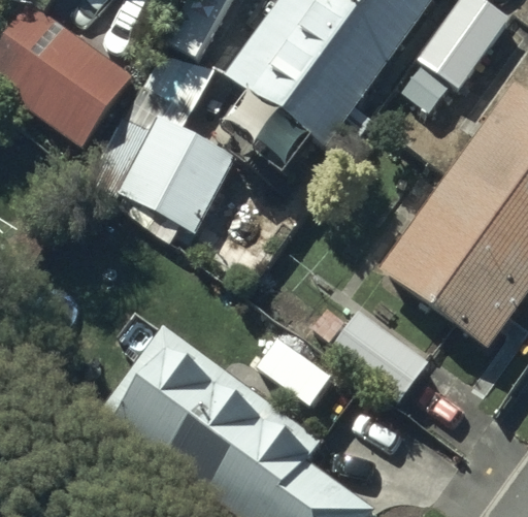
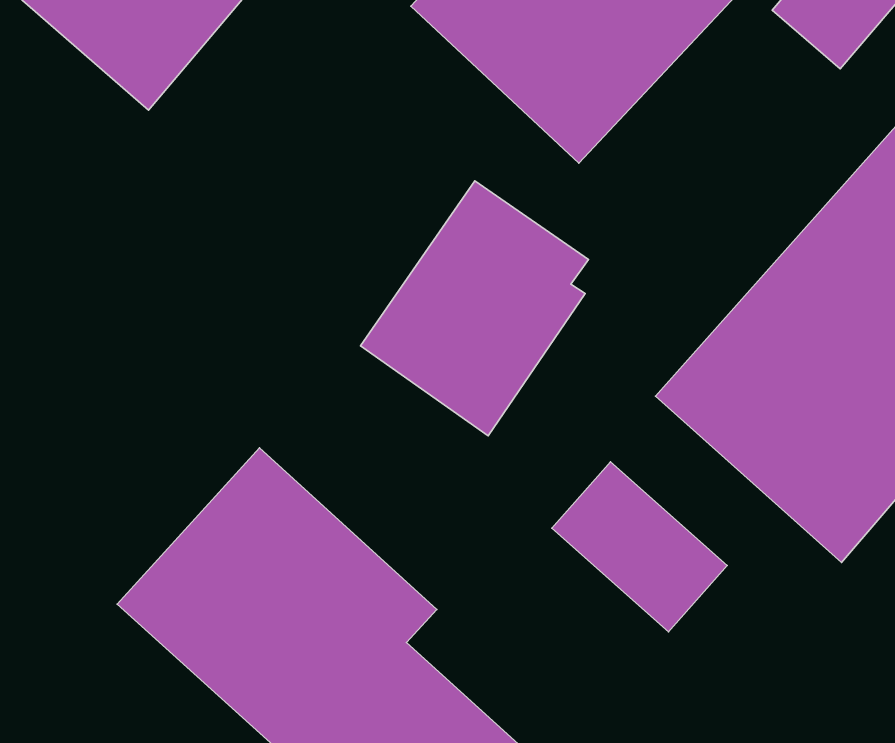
building: [107,118,226,255] -> [360,181,589,436]

